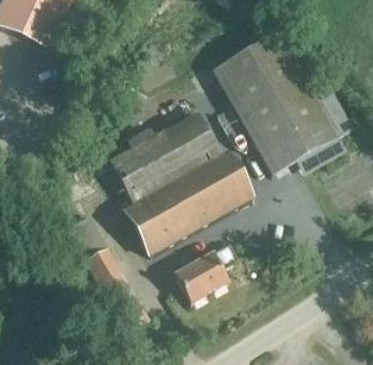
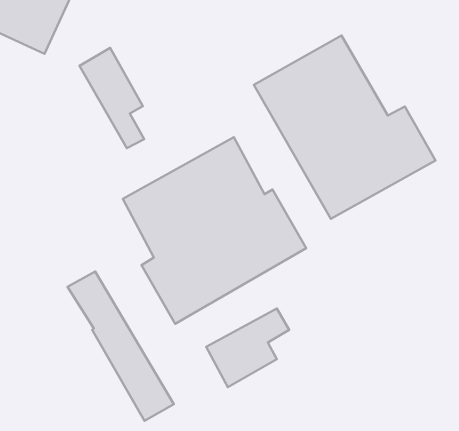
building: none -> [80,48,144,148]

